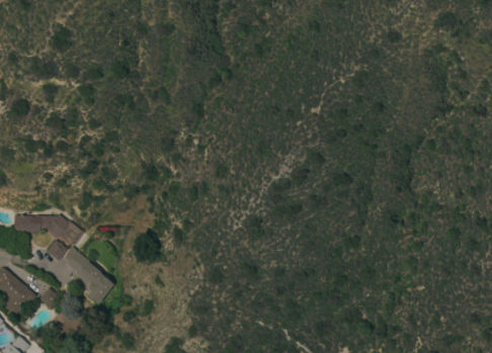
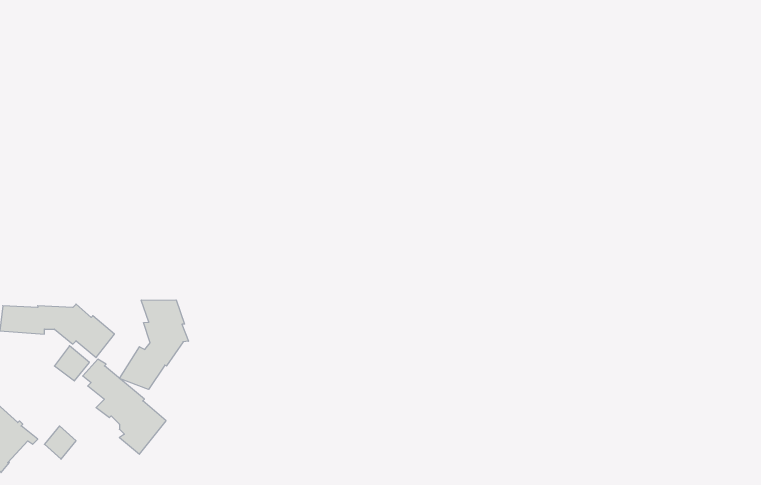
building: none -> [120,300,188,389]

